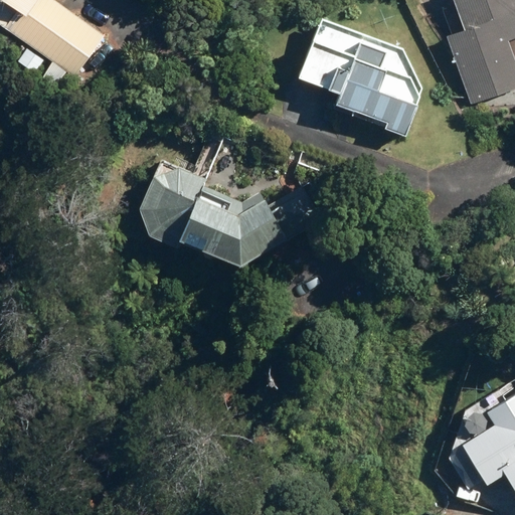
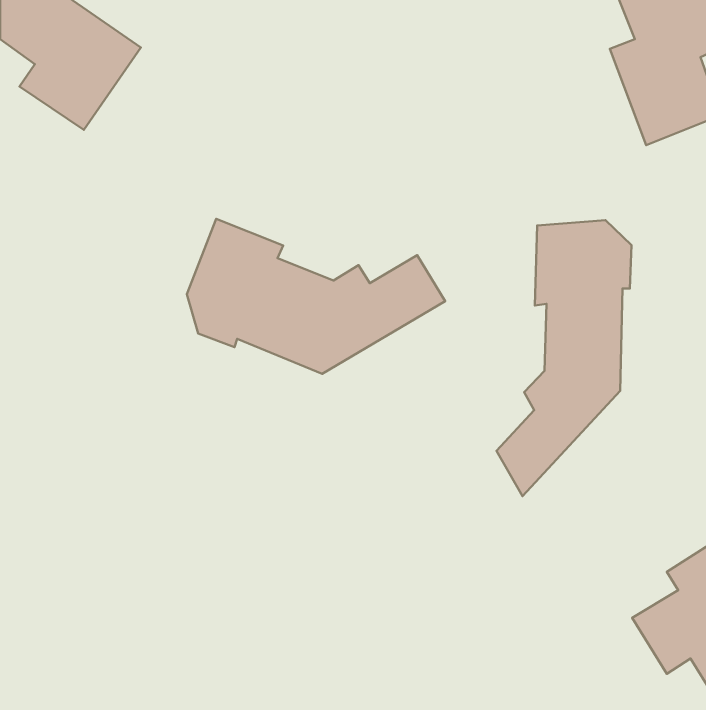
building: [295,17,425,138] -> none
building: none -> [497,220,632,496]

